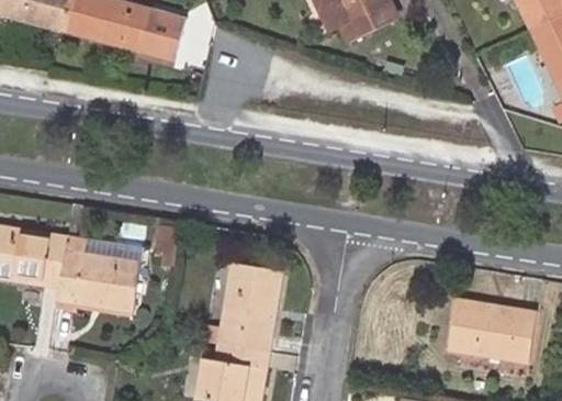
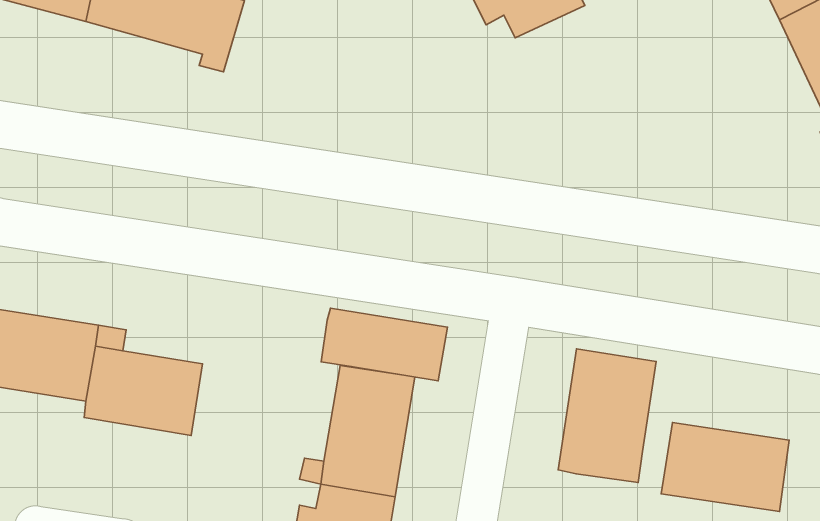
building: none -> [321,308,447,381]
building: none -> [558,349,656,483]

